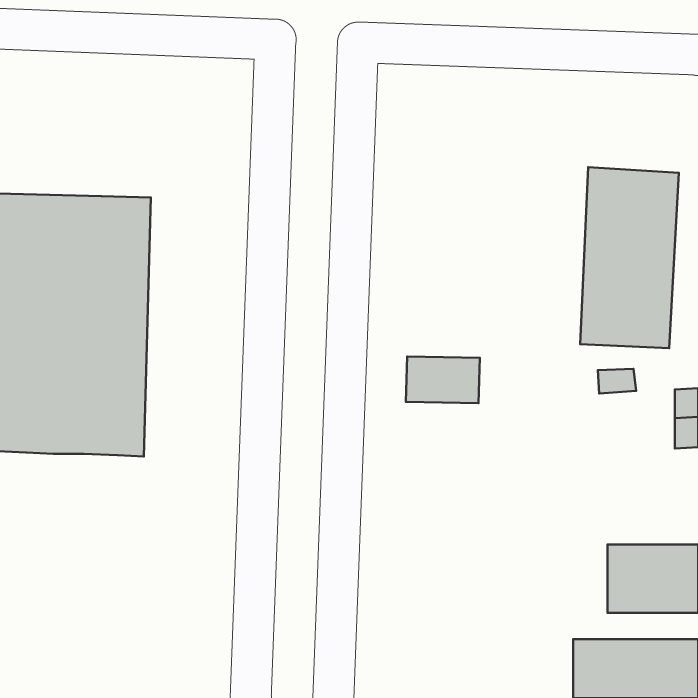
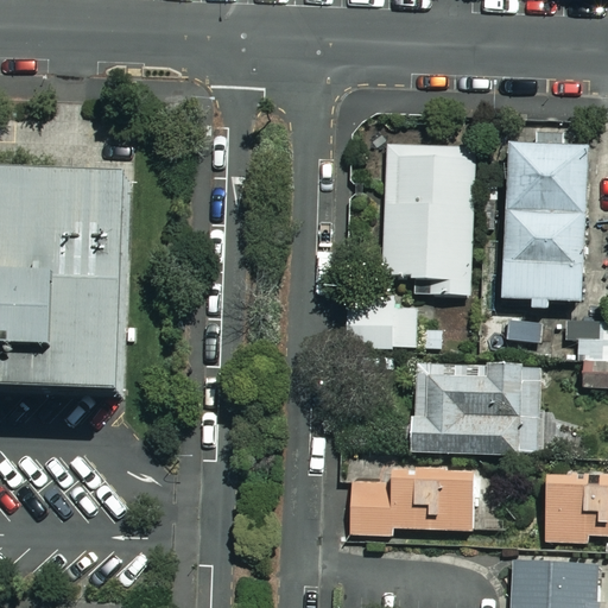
building: none -> [382,145,474,296]
building: none -> [412,363,540,455]
building: none -> [376,471,462,533]

